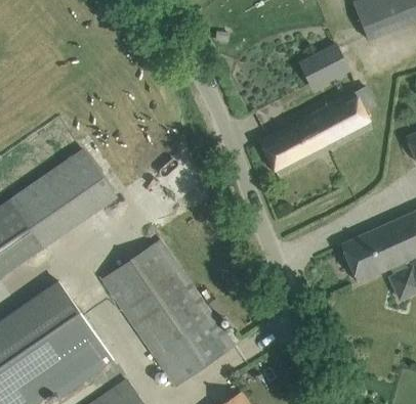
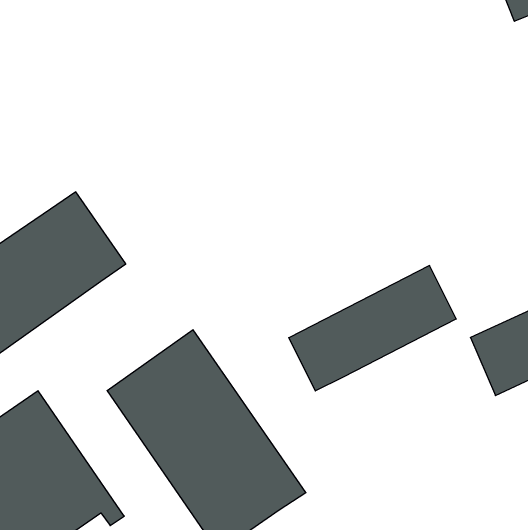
building: [311,45,349,84] -> none
building: [260,94,370,176] -> [289,266,456,391]

